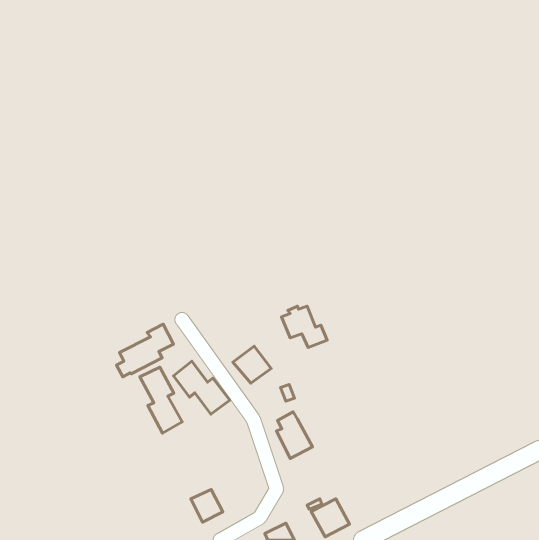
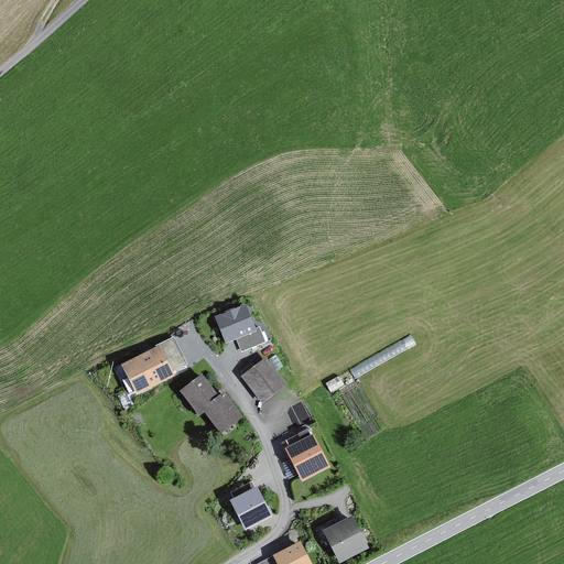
building: [282,306,327,347] -> [216,306,263,349]
building: [140,367,182,433] -> none
building: [191,489,223,522] -> [234,490,267,524]

